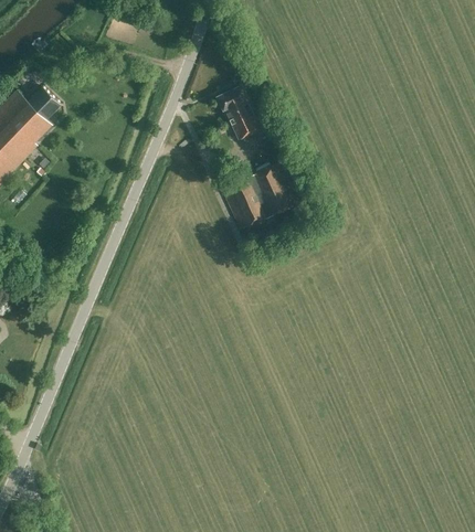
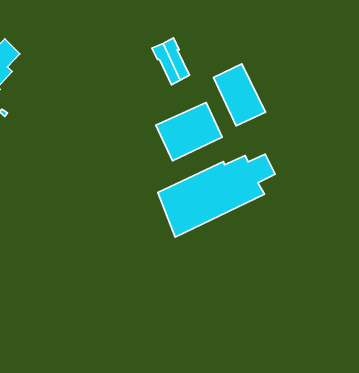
building: none -> [214,64,265,126]
building: none -> [158,154,275,237]

